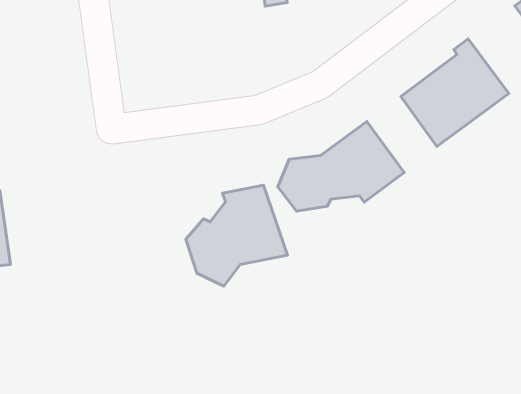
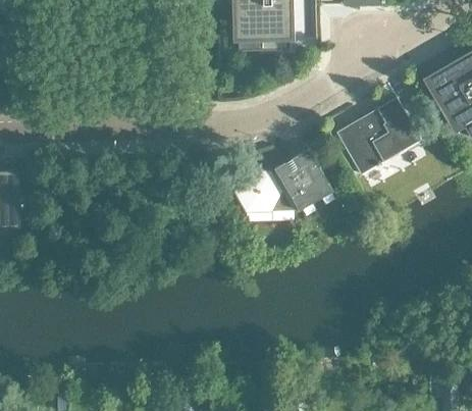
building: [186,185,288,286] -> none

